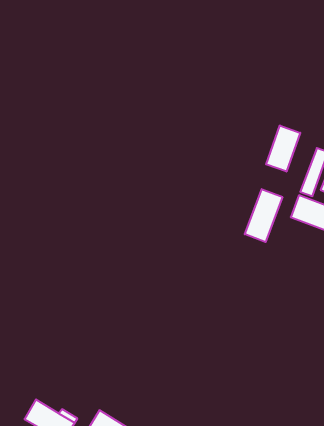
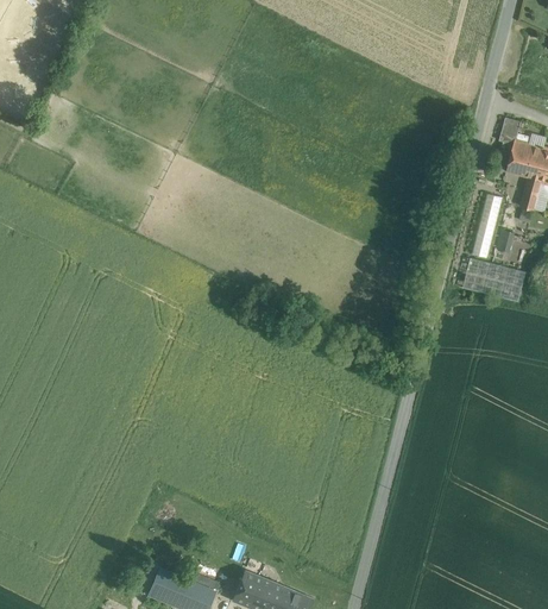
building: [266,125,300,172] -> none
building: [245,189,282,242] -> none

